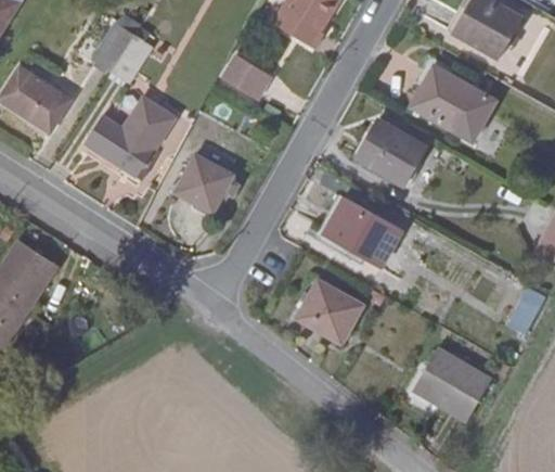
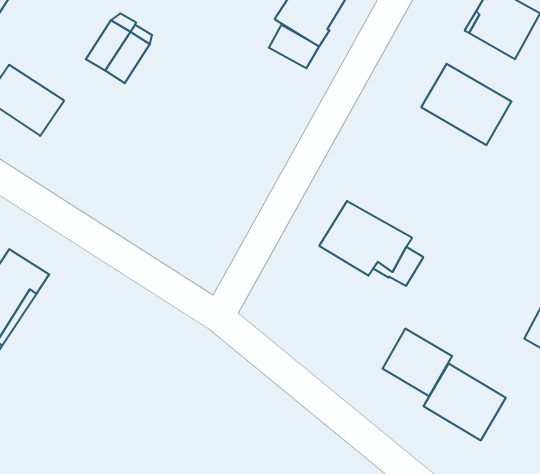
building: [219,62,267,103] -> [269,25,319,68]
building: [85,95,175,187] -> none
building: [356,118,426,186] -> none
building: [173,153,240,213] -> none
building: [296,279,362,343] -> [382,329,452,396]

